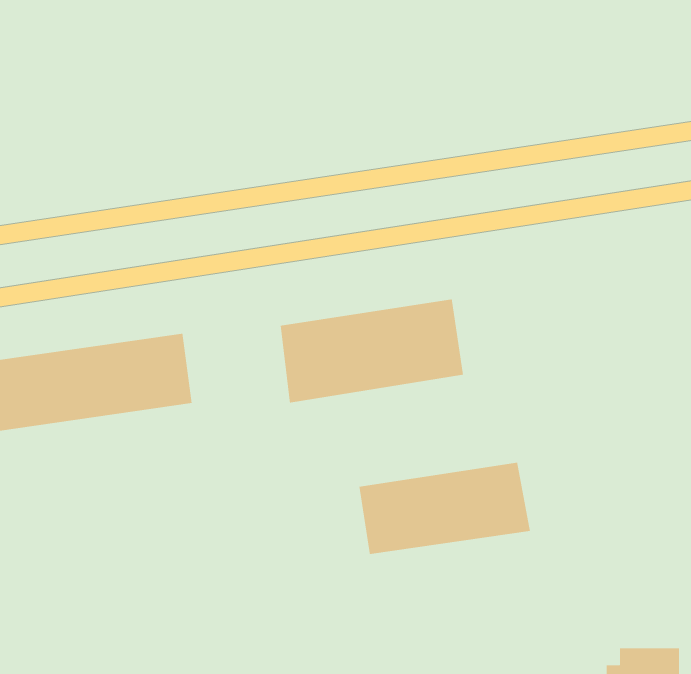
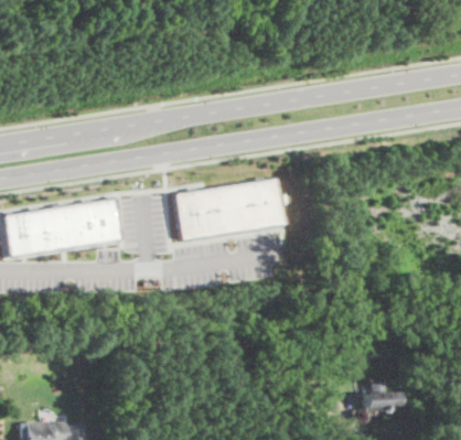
building: [359,462,531,555] -> none

